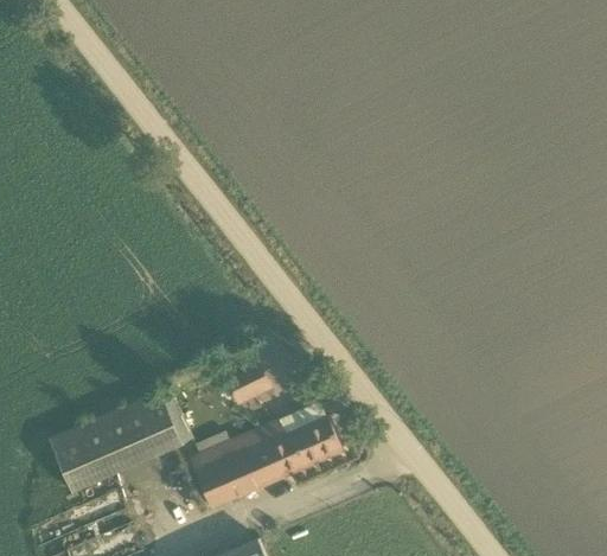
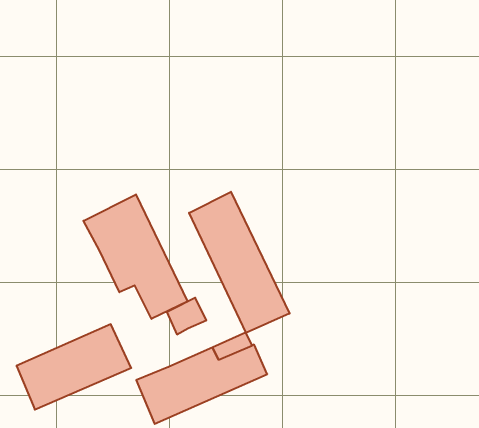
building: none -> [189,192,290,333]
building: none -> [83,194,188,319]

